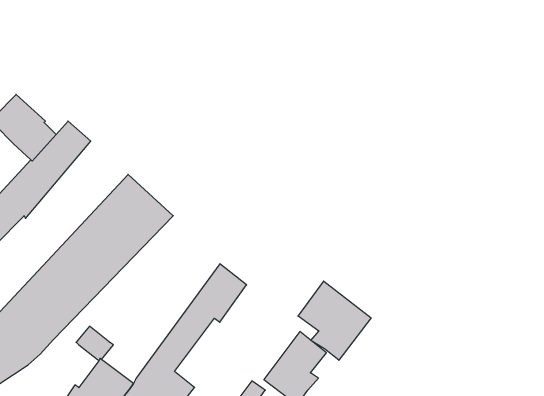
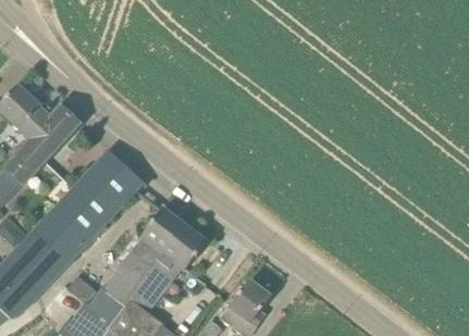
building: none -> [102,208,184,304]
building: [298,281,371,360] -> none

